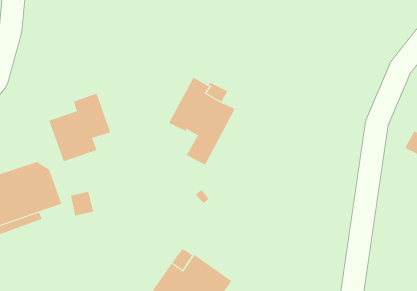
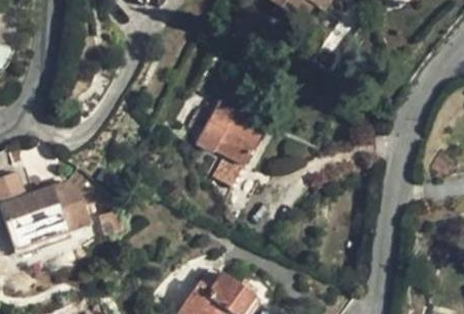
building: [48,93,111,162] -> none

